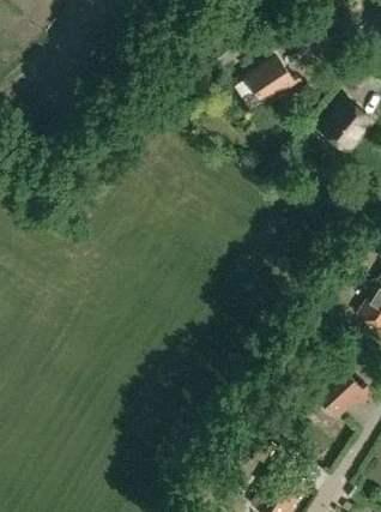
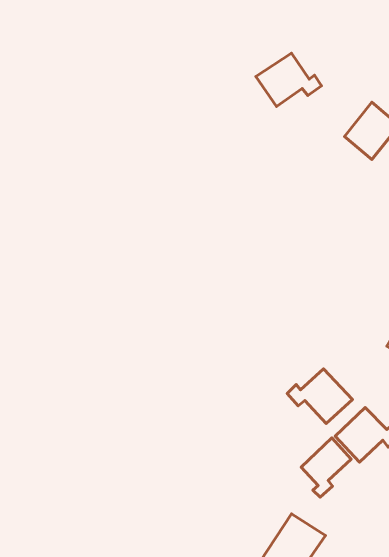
building: none -> [287,369,353,424]
building: none -> [301,438,351,497]

